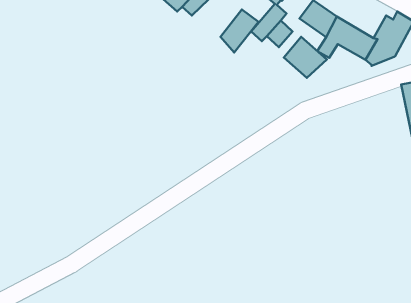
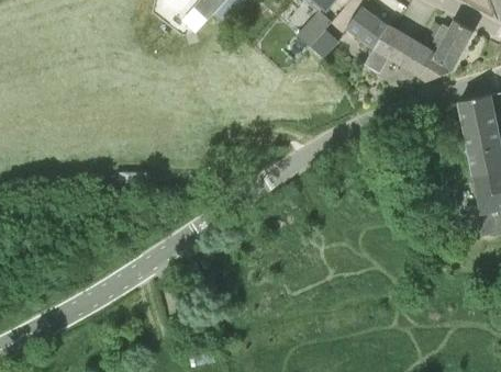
building: [220,9,259,53] -> none
building: [284,37,327,78] -> none

